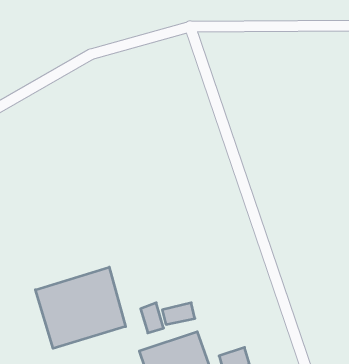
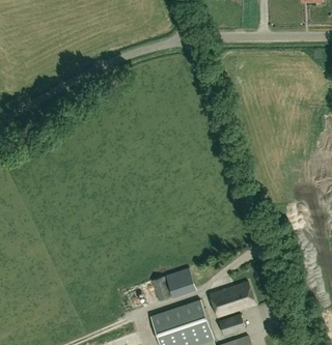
building: [35,267,126,348] -> none
building: none -> [210,281,255,316]

